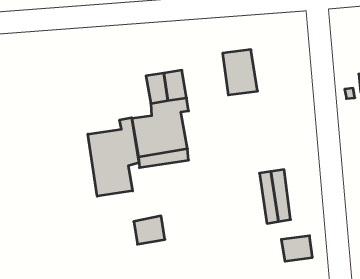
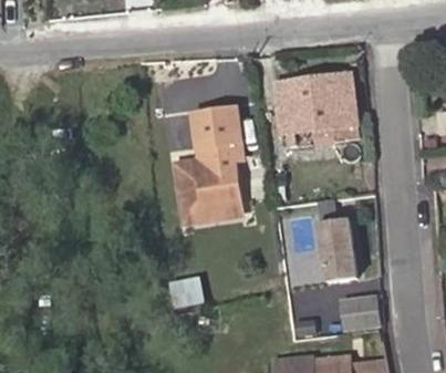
building: none -> [311,77,359,132]
building: [88,118,139,196] -> none

